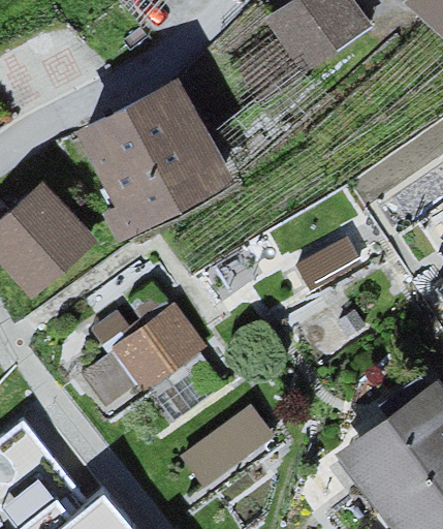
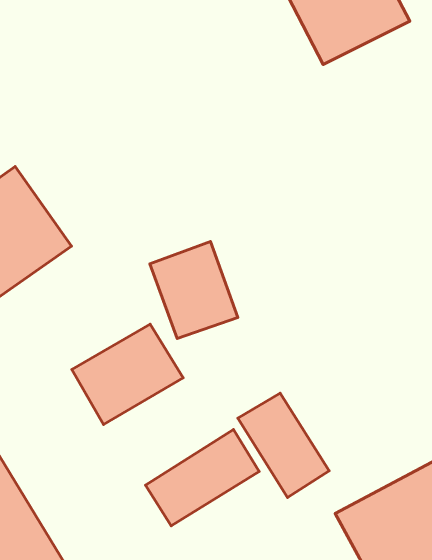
building: [86,84,234,234] -> none
building: none -> [150,242,238,338]
building: none -> [238,393,329,497]

